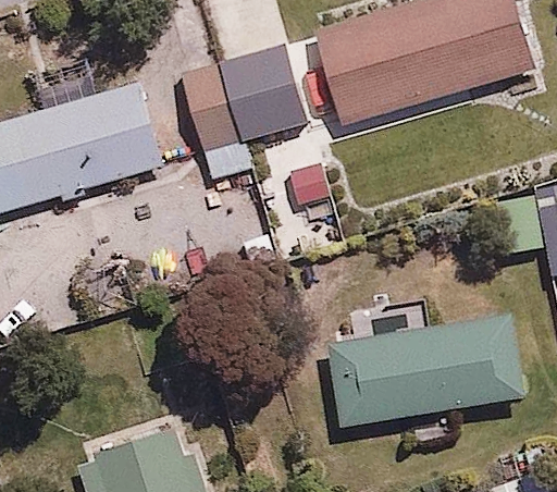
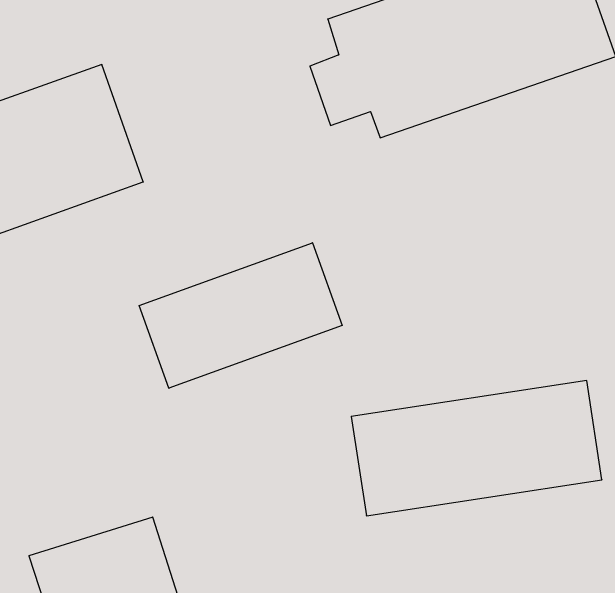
building: [172,47,281,189] -> none
building: none -> [139,243,342,388]

